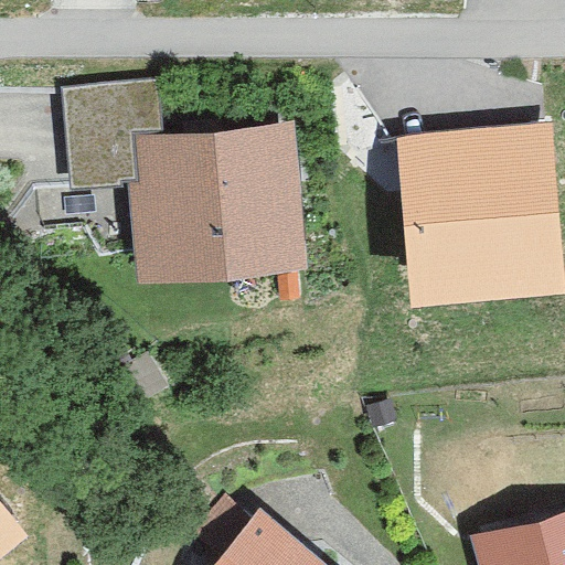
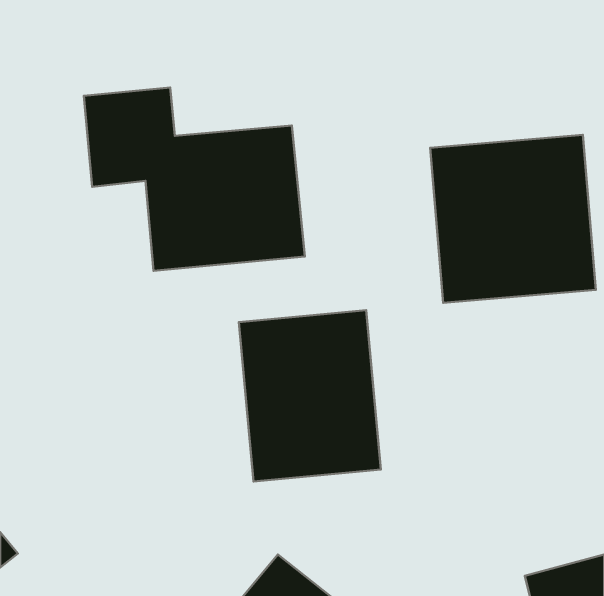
building: none -> [239,310,381,481]

